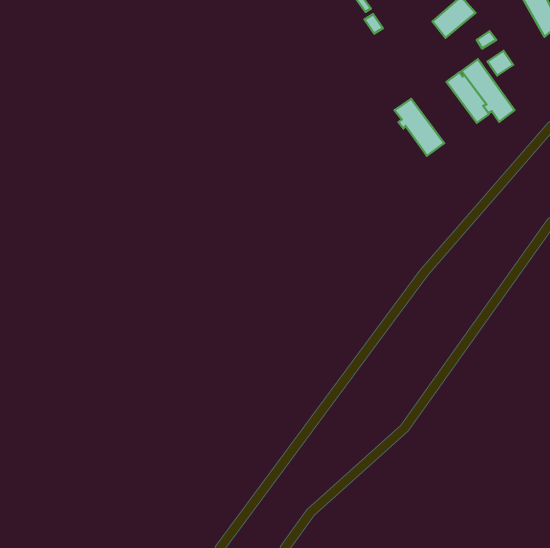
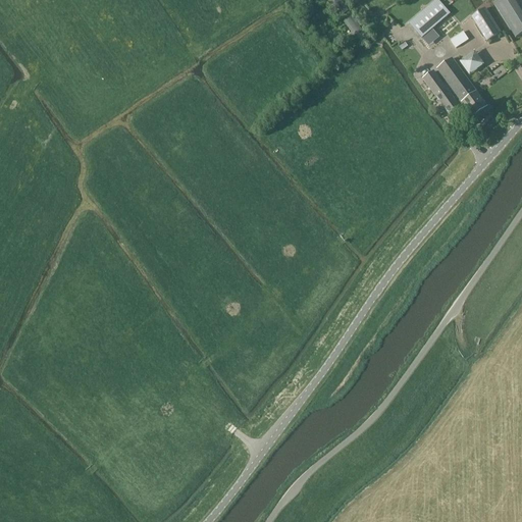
building: none -> [473,5,503,38]
building: [395,99,444,156] -> none

